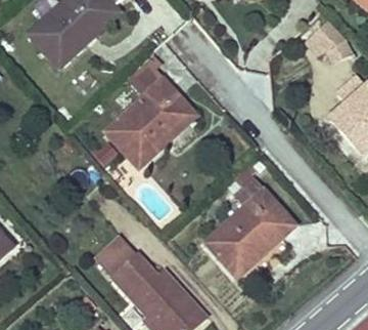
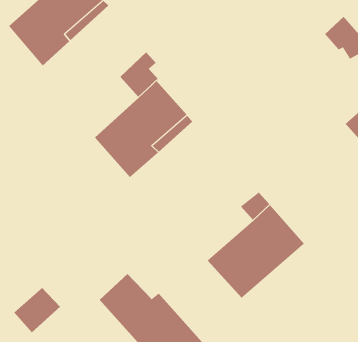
building: [95,235,137,276] -> [14,287,61,333]

